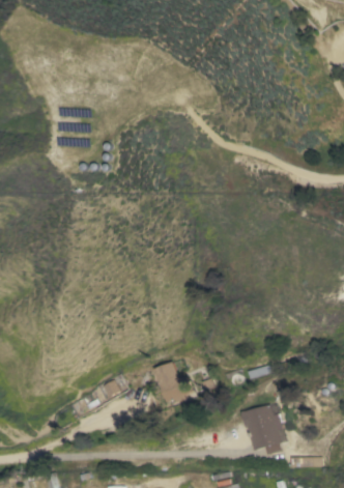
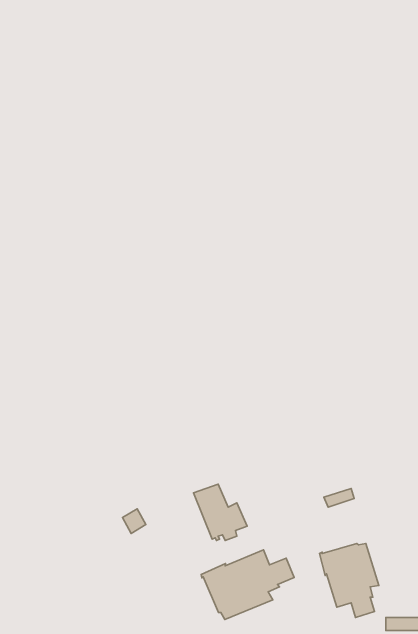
building: none -> [201,550,294,619]

